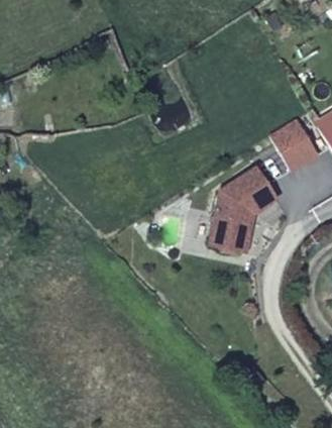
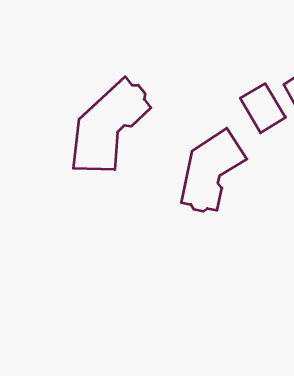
building: none -> [73,77,151,170]

